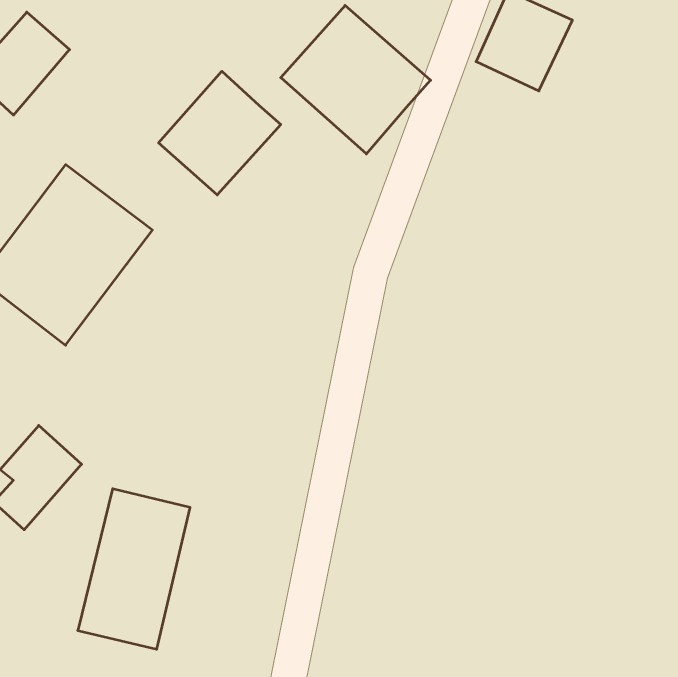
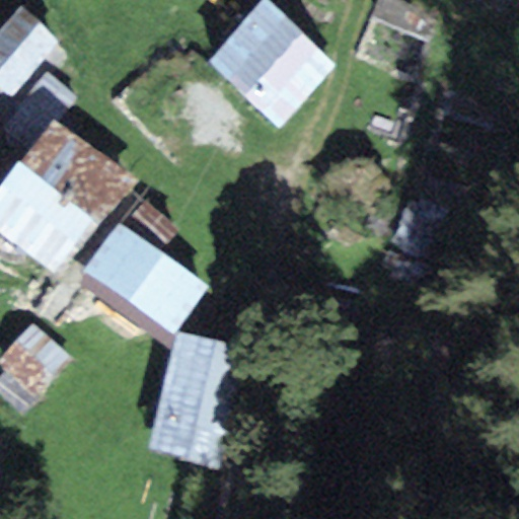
building: [159,71,281,195] -> none
building: none -> [88,224,202,337]
building: [78,489,190,649] -> [153,338,238,459]

